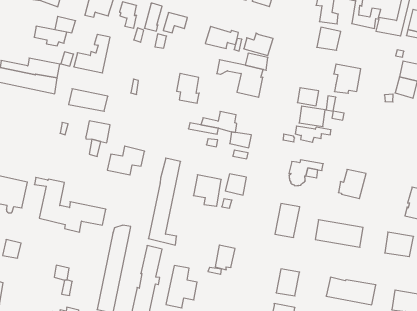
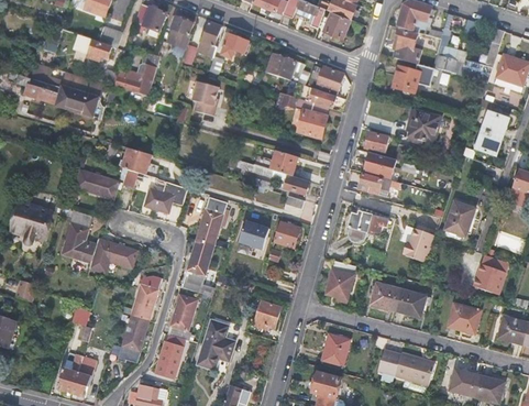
building: [177,73,199,103] -> [192,80,219,116]
building: [69,89,108,111] -> [75,171,120,199]
building: none -> [444,201,475,237]

